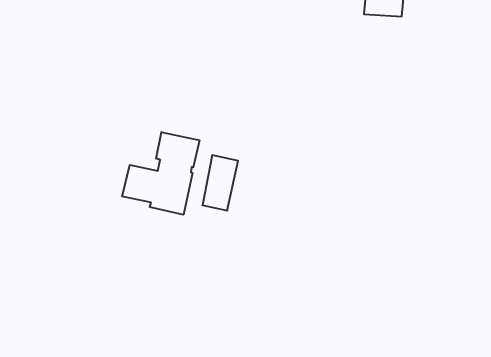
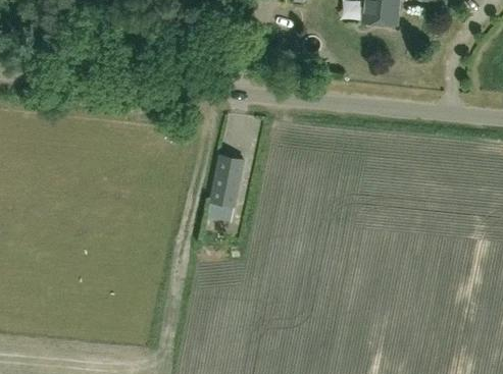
building: [122,132,200,215] -> none

